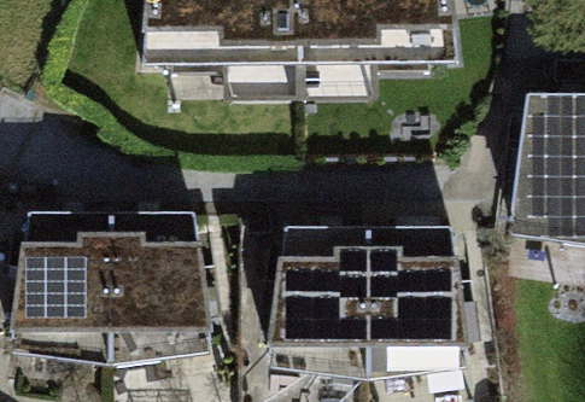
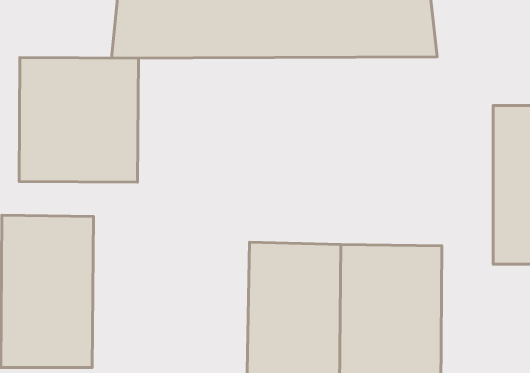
building: none -> [19,58,139,182]
building: [116,220,210,369] -> none

